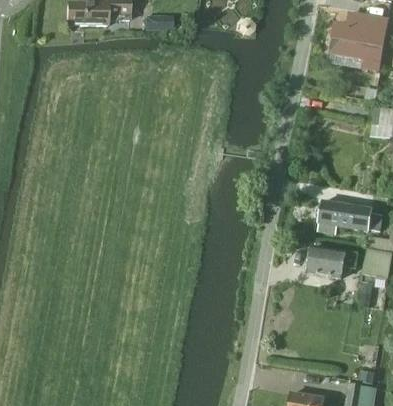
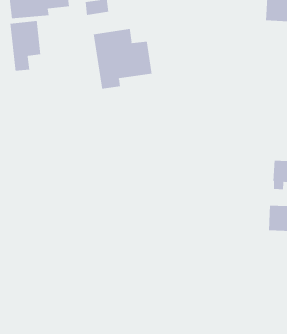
building: none -> [10,20,41,72]
building: none -> [93,28,152,90]

